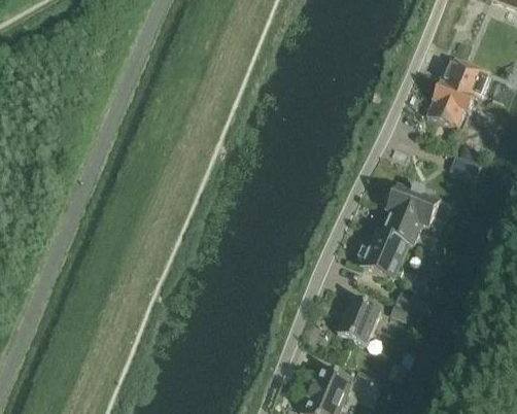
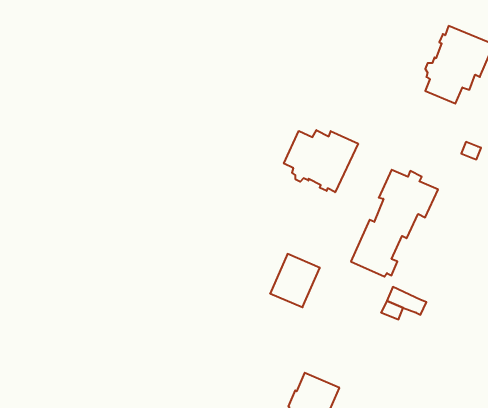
building: none -> [284,130,358,192]
building: [337,297,381,344] -> [270,254,320,307]

